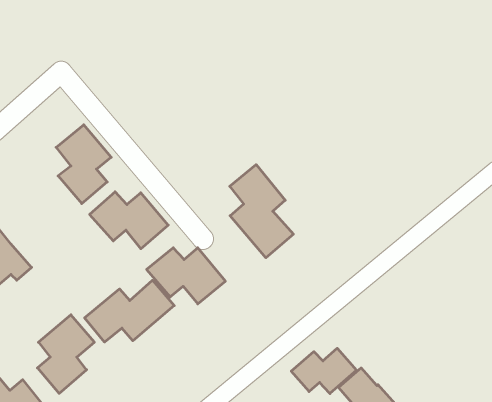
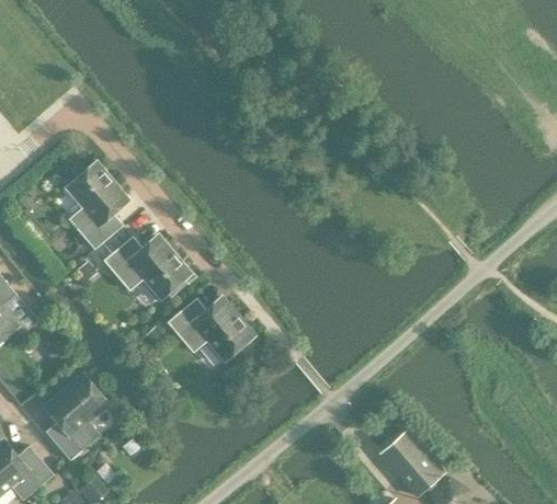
building: [230,165,293,258] -> none
building: [85,280,174,342] -> none
building: [291,348,356,394] -> none

